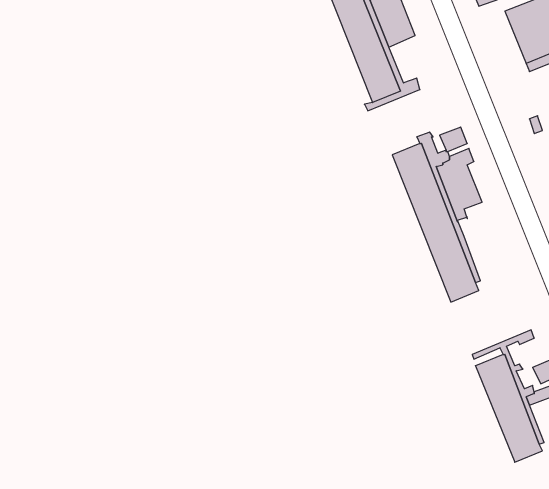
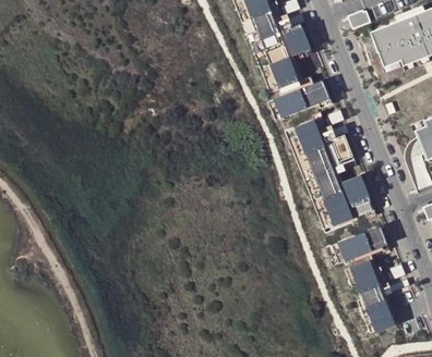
building: none -> [274,79,329,118]
building: none -> [343,174,374,217]
building: none -> [332,225,387,263]

